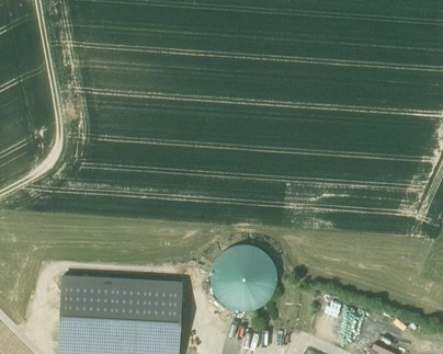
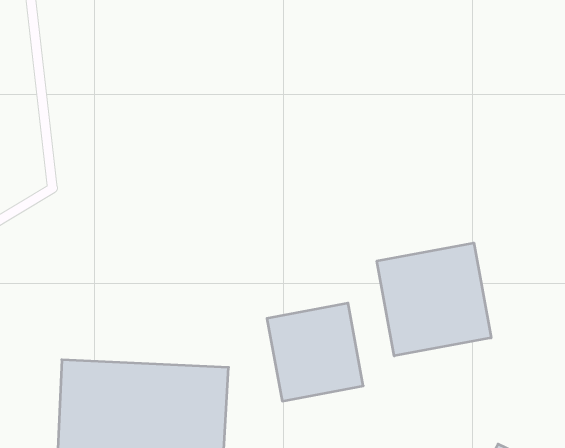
building: none -> [377,243,491,356]

